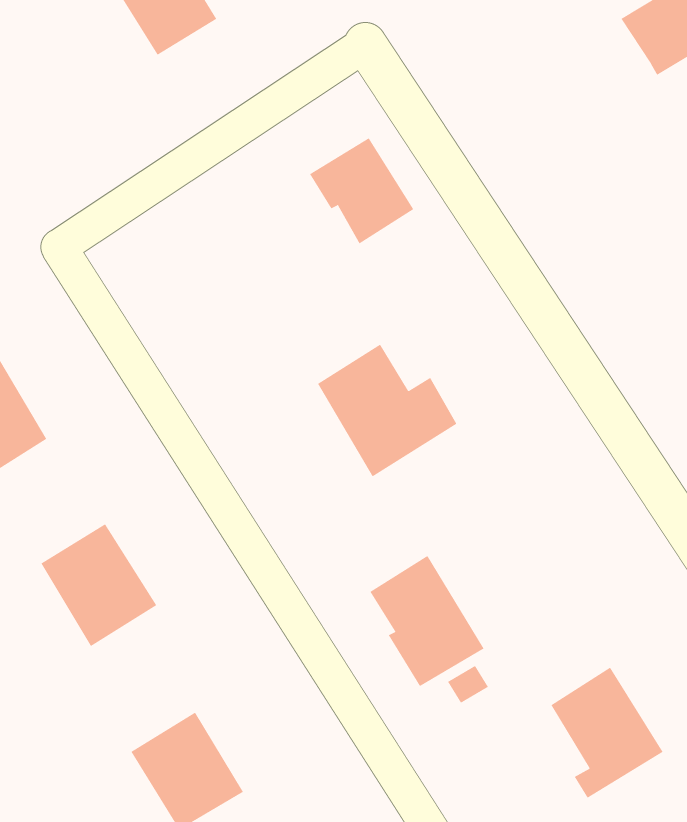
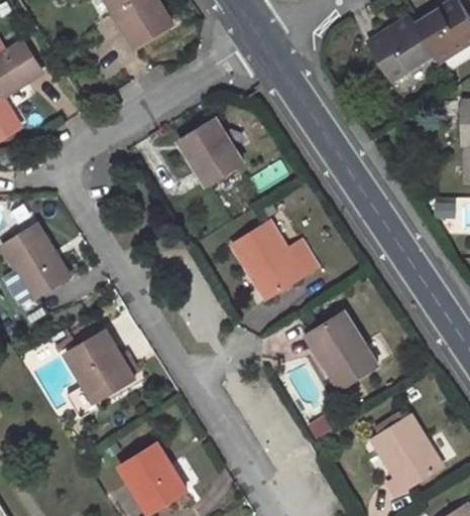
building: none -> [368,17,434,78]
building: [309,138,414,244] -> [179,119,242,183]
building: [370,555,485,687] -> [309,310,378,390]

